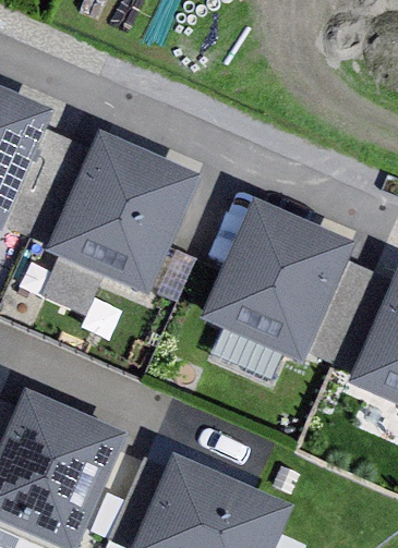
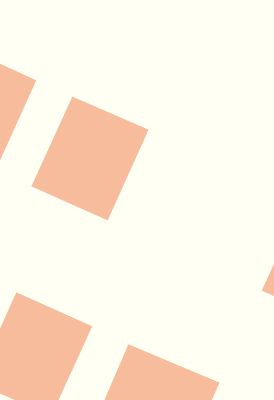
building: [198,196,354,362] -> none

